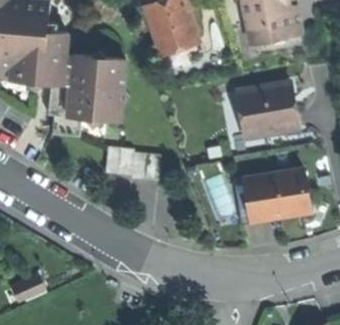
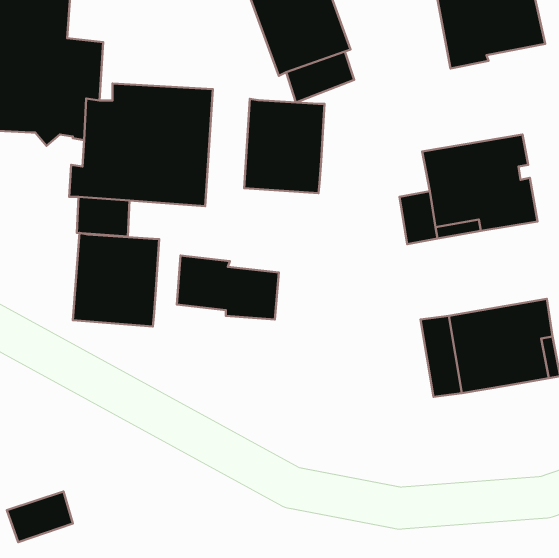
building: none -> [244,99,324,193]
building: none -> [73,233,159,326]

